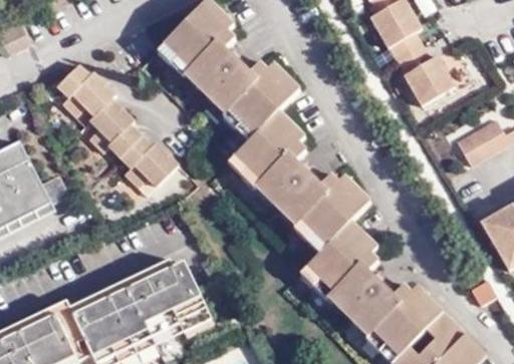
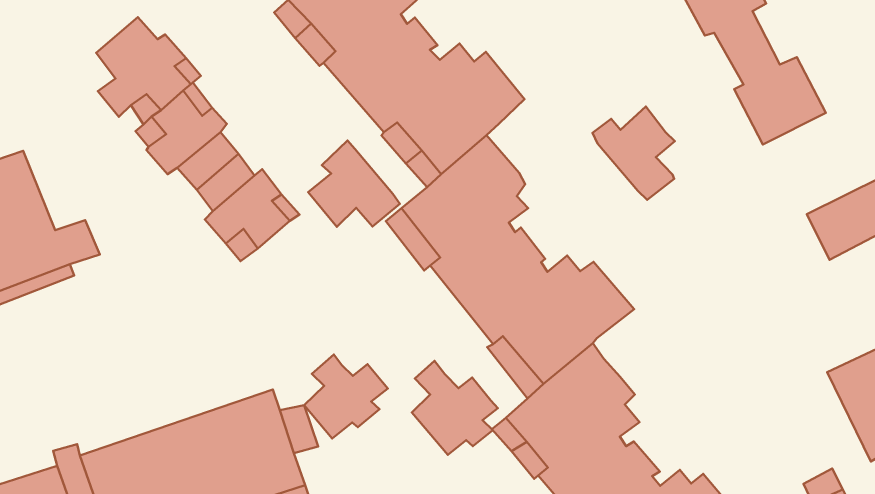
building: none -> [592,107,675,200]
building: none -> [308,141,400,227]
building: none -> [412,361,498,455]
building: none -> [304,355,388,439]

